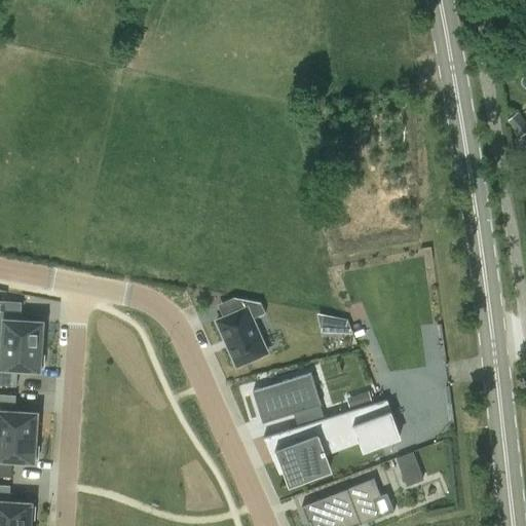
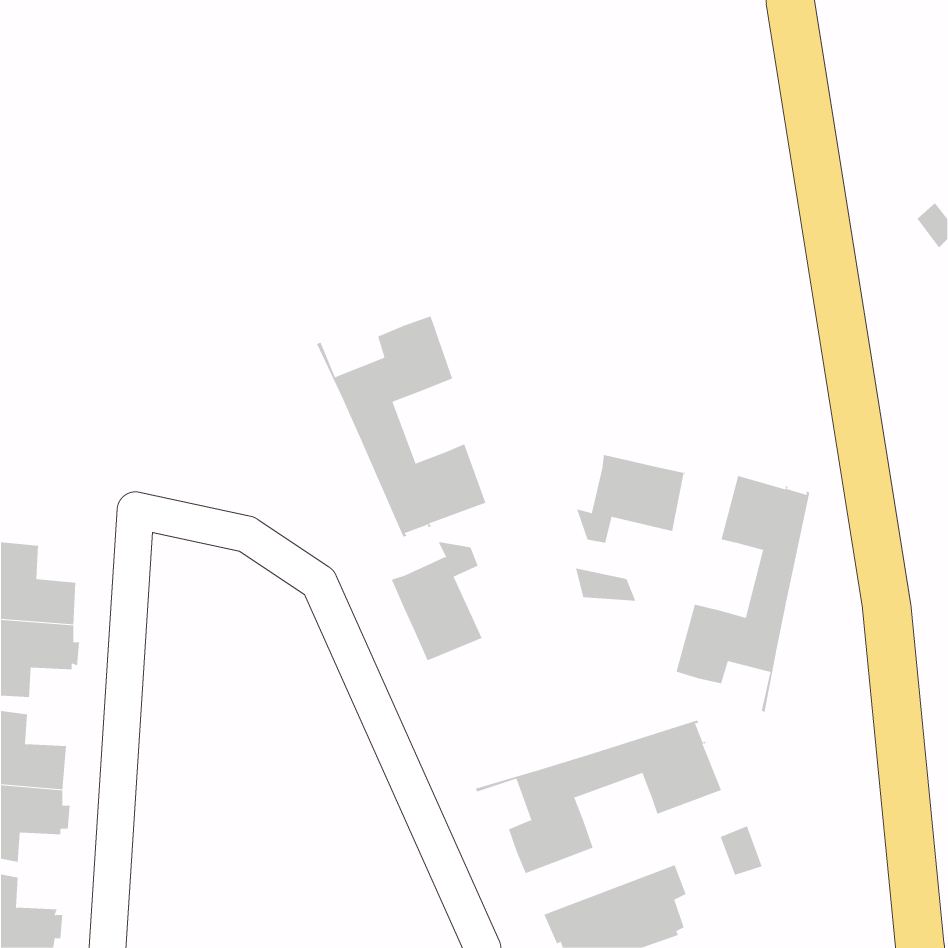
building: none -> [316,316,486,537]
building: none -> [577,455,686,543]
building: none -> [676,475,810,713]
building: [253,372,324,426] -> none

